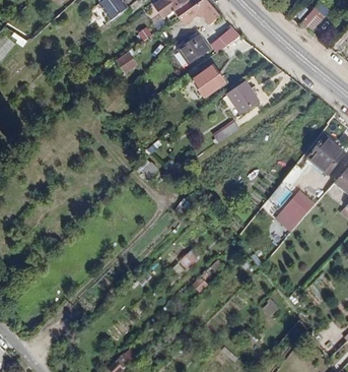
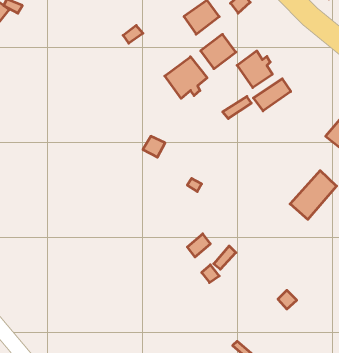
building: none -> [165,57,207,98]
building: none -> [253,79,291,111]

